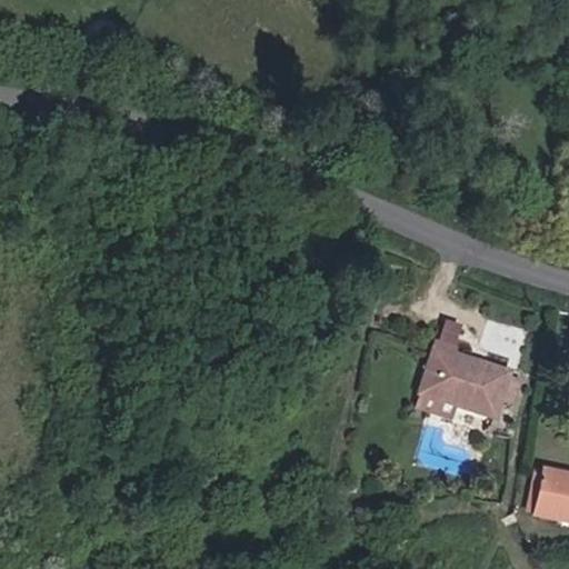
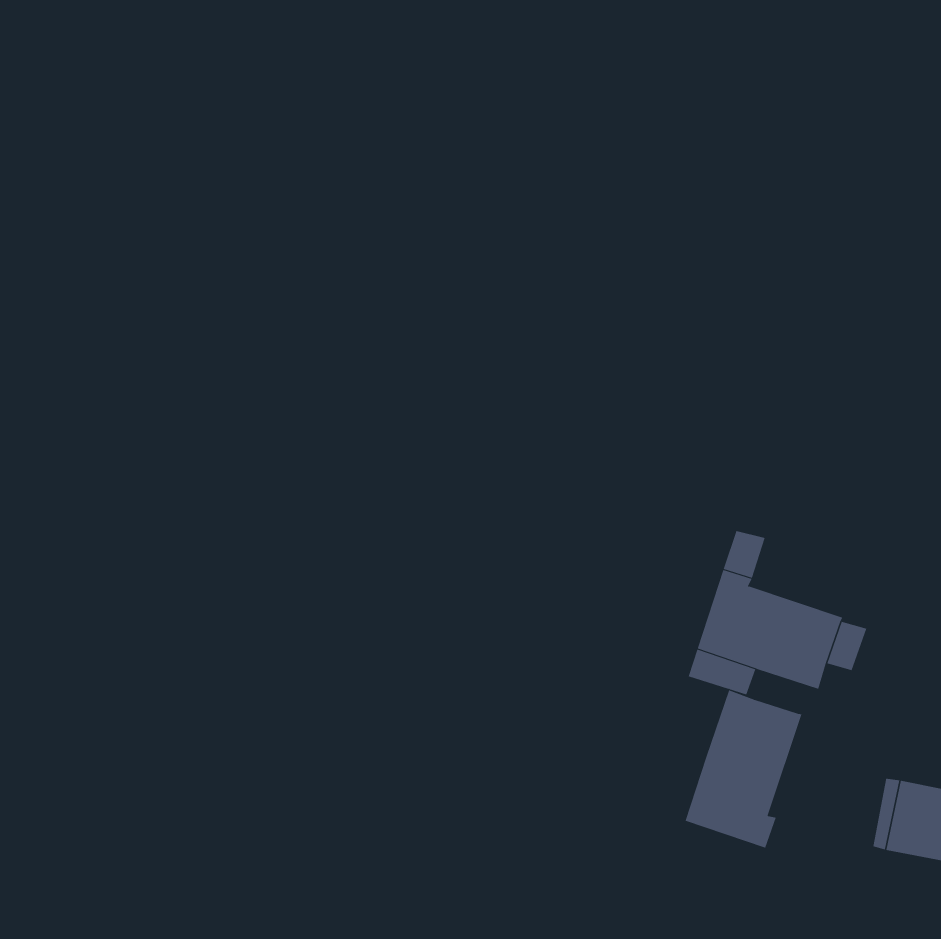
building: none -> [685,689,802,849]

